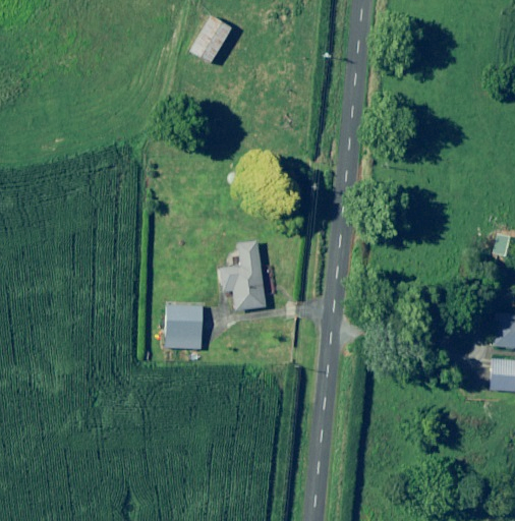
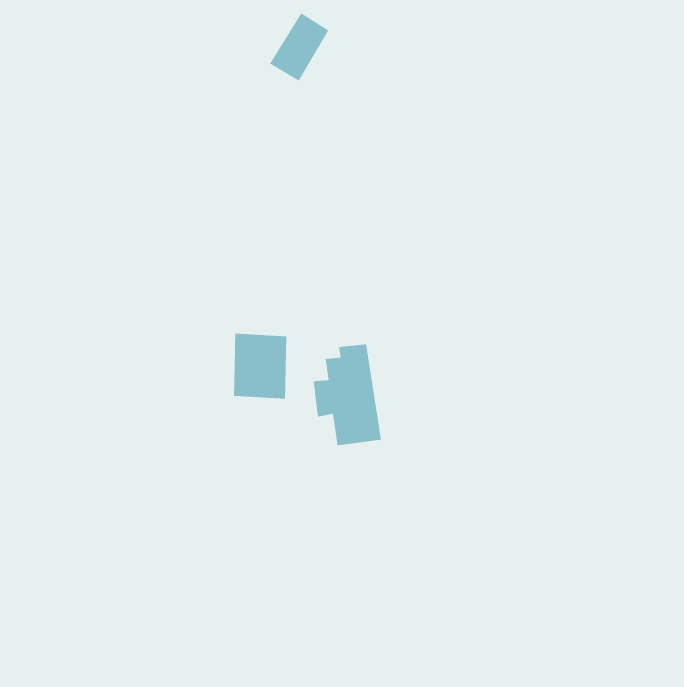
building: [166,304,203,349] -> [233,333,287,399]

